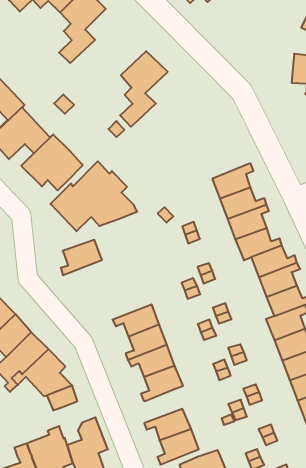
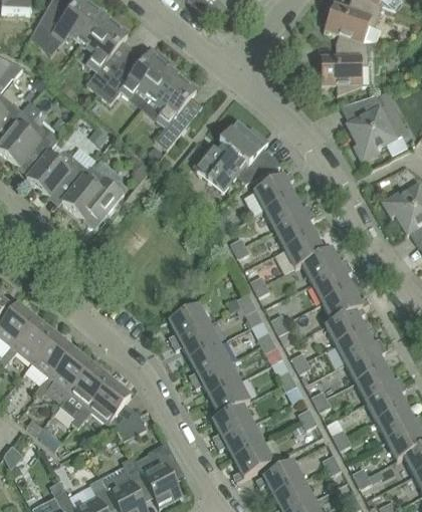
building: none -> [98,49,174,102]
building: [50,161,137,231] -> [194,119,281,192]
building: [61,240,102,275] -> [169,304,209,343]
building: none -> [213,405,252,443]

